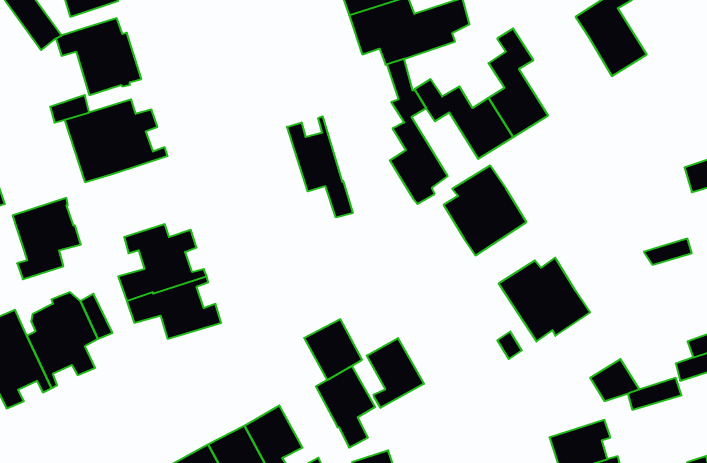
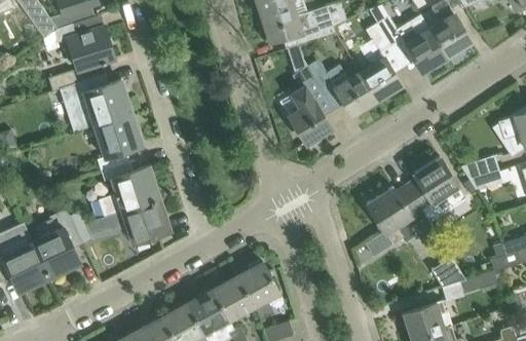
building: none -> [377,14,447,72]
building: [287,116,353,217] -> none
building: [444,166,526,255] -> [407,157,465,221]
building: [13,198,81,279] -> [95,113,143,170]
building: none -> [460,155,500,181]
building: [304,319,362,380] -> [212,276,253,319]
building: [367,338,424,408] -> none

